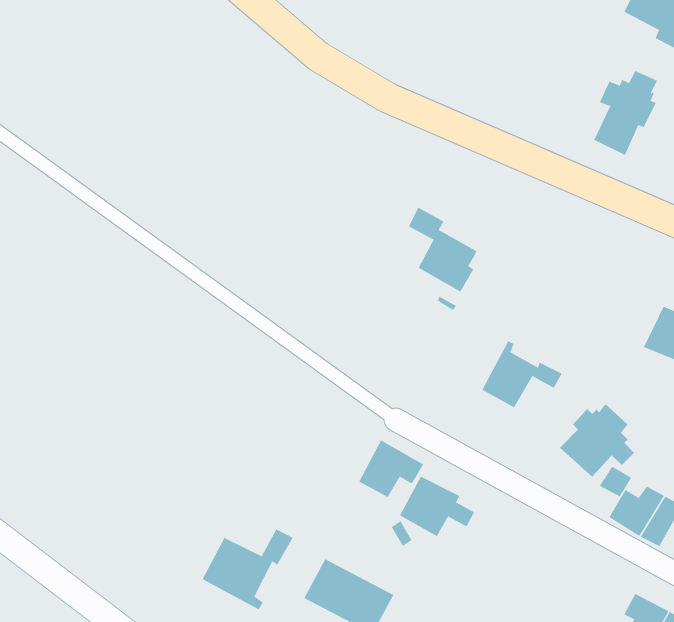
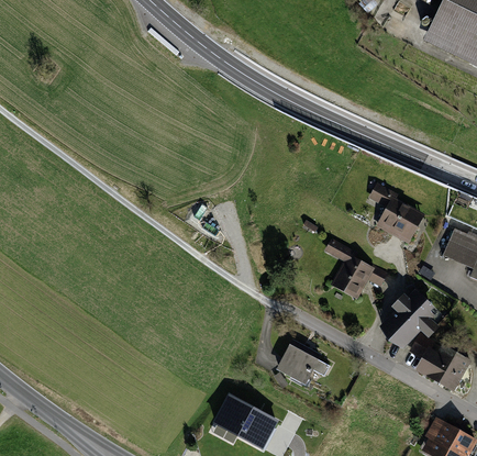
building: [593,70,658,156] -> none
building: [408,207,477,293] -> [371,183,418,241]
building: [358,439,424,498] -> none
building: [202,528,293,610] -> none

